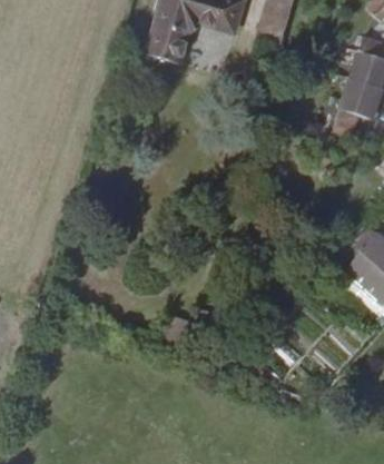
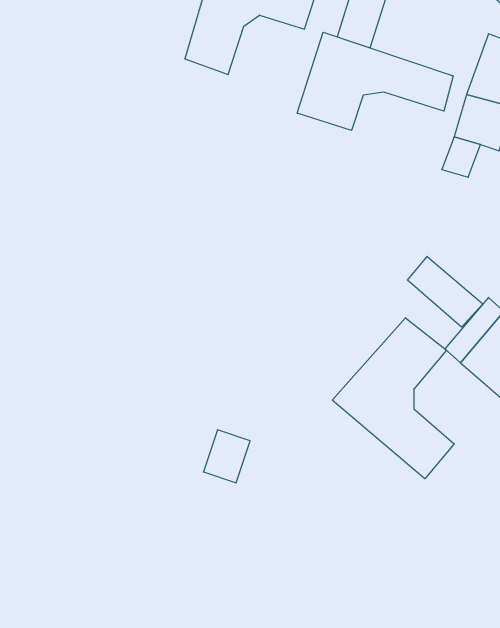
building: none -> [297,32,453,130]
building: none -> [408,256,483,327]
building: none -> [332,318,454,479]

